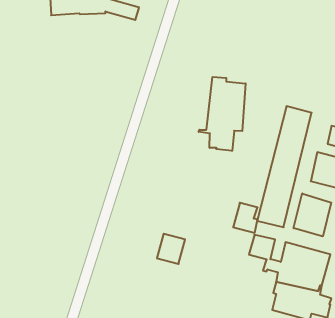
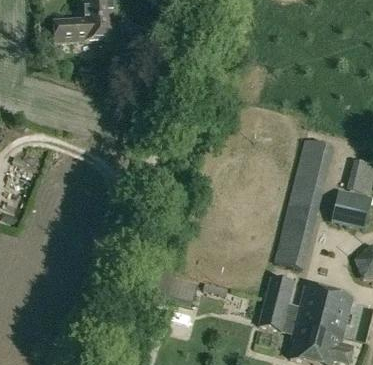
building: [199,77,246,151] -> none
building: [294,193,331,236] -> none
building: [233,203,258,233] -> [259,296,285,328]

